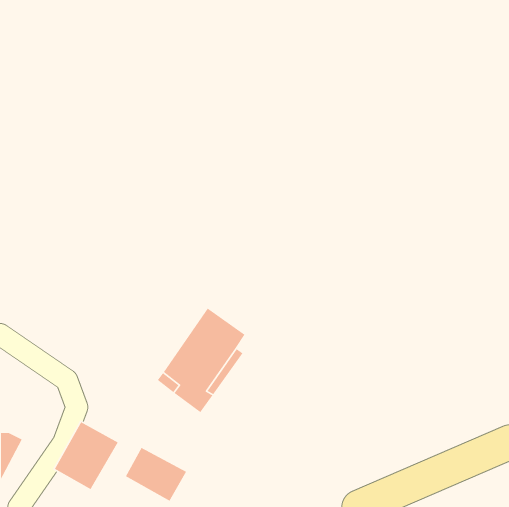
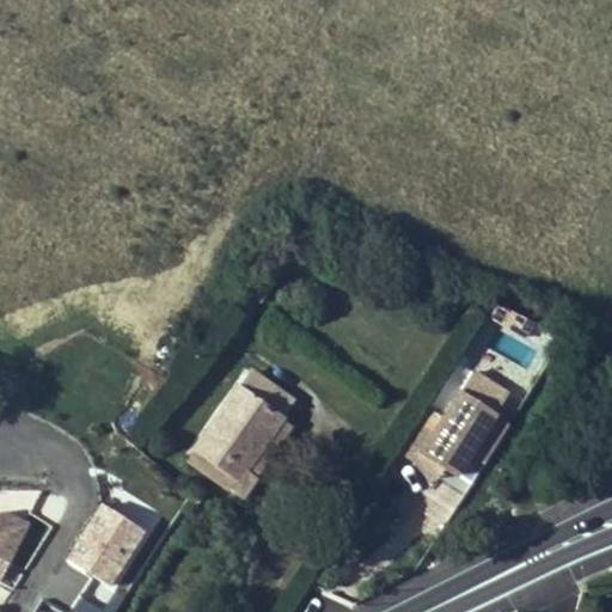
building: none -> [403,368,512,490]
building: [125,447,187,502] -> none

